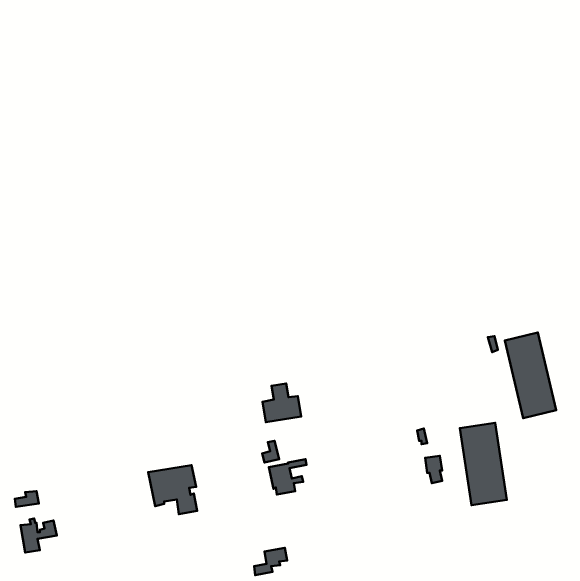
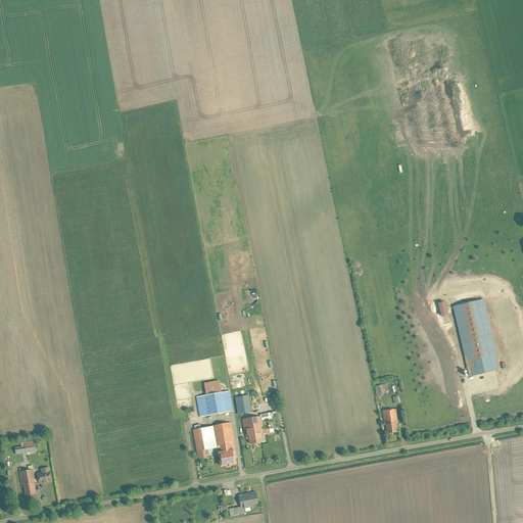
building: [262,383,301,422] -> [196,380,231,415]
building: [460,423,507,505] -> none
building: [148,465,197,514] -> [191,423,235,467]

